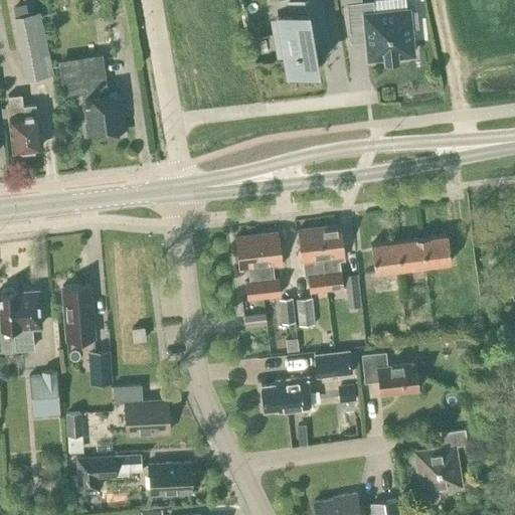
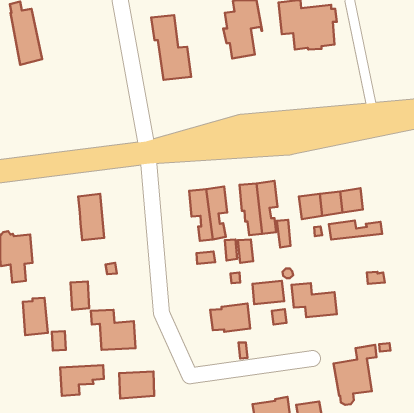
building: [74,55,124,136] -> [151,15,191,80]
building: [8,96,41,153] -> none
building: none -> [329,220,382,240]
building: [62,285,95,342] -> [78,194,104,240]

